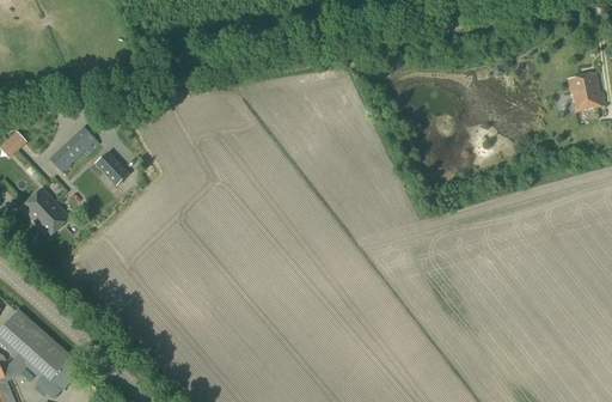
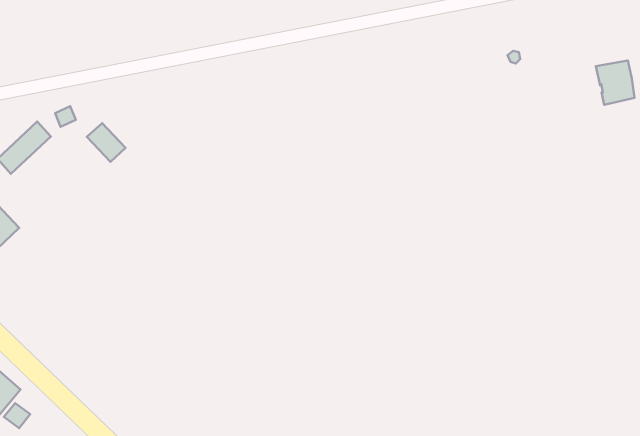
building: [94,151,128,184] -> [87,123,126,162]

